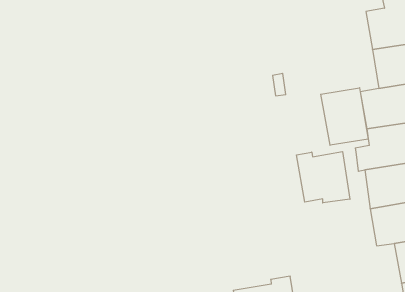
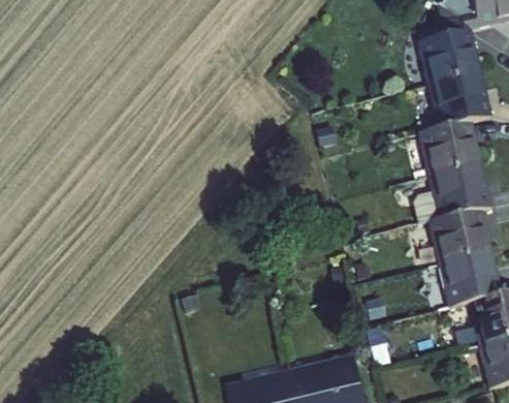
building: [321,88,368,145] -> none
building: [297,152,350,203] -> none

